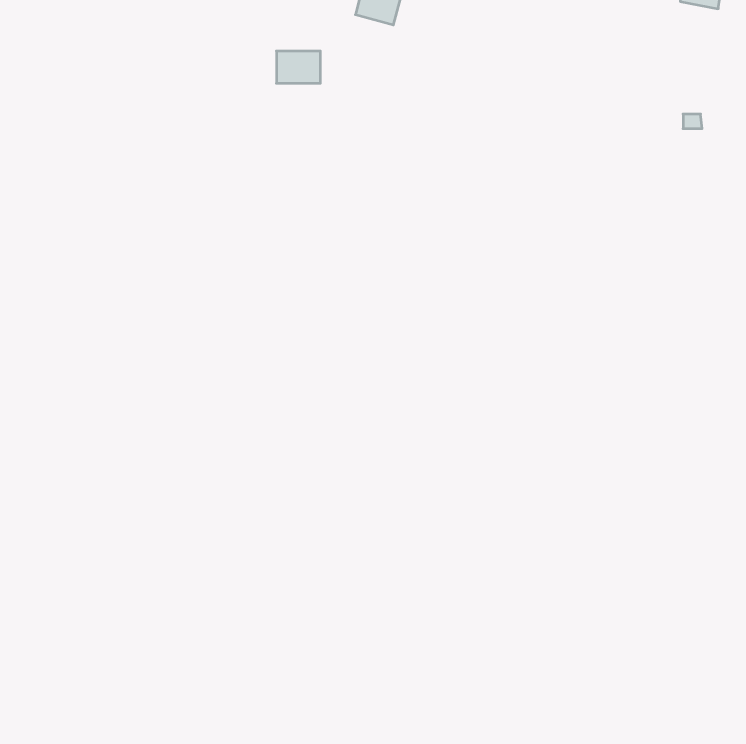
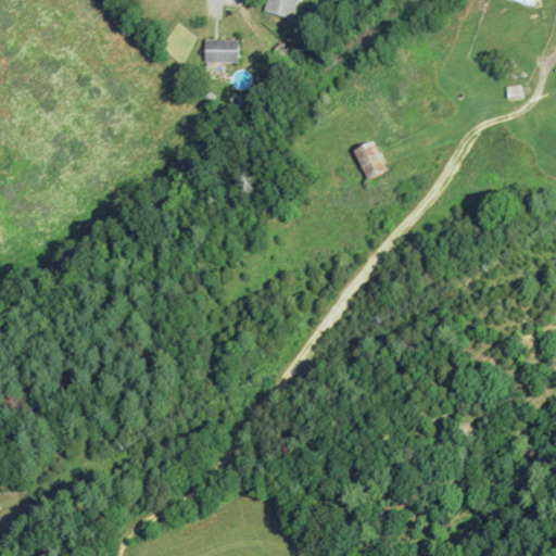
building: none -> [352,140,386,178]

